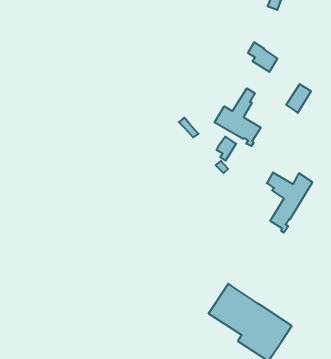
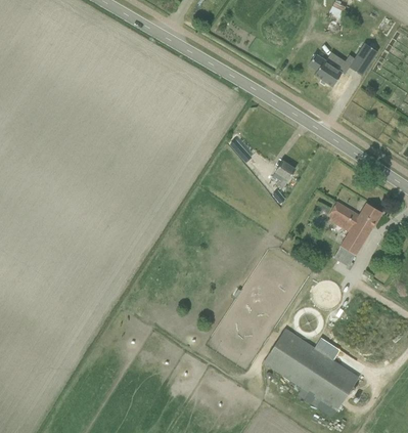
building: [286,84,311,113] -> [350,42,378,75]
building: [215,88,261,146] -> none

